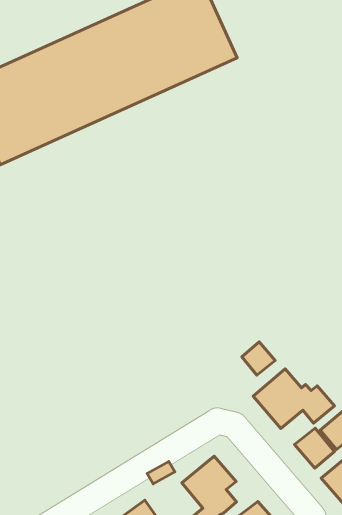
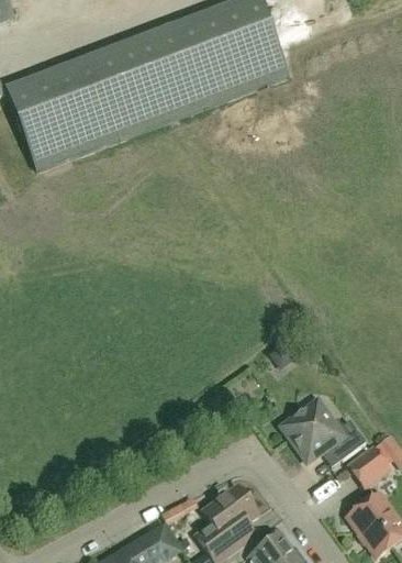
building: [242,342,275,375] -> none
building: [294,428,334,468] -> none

